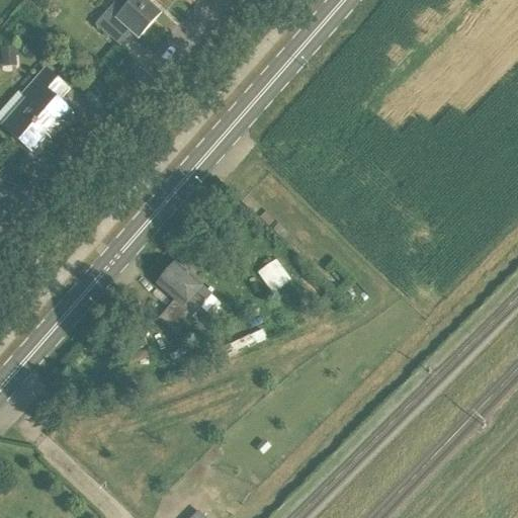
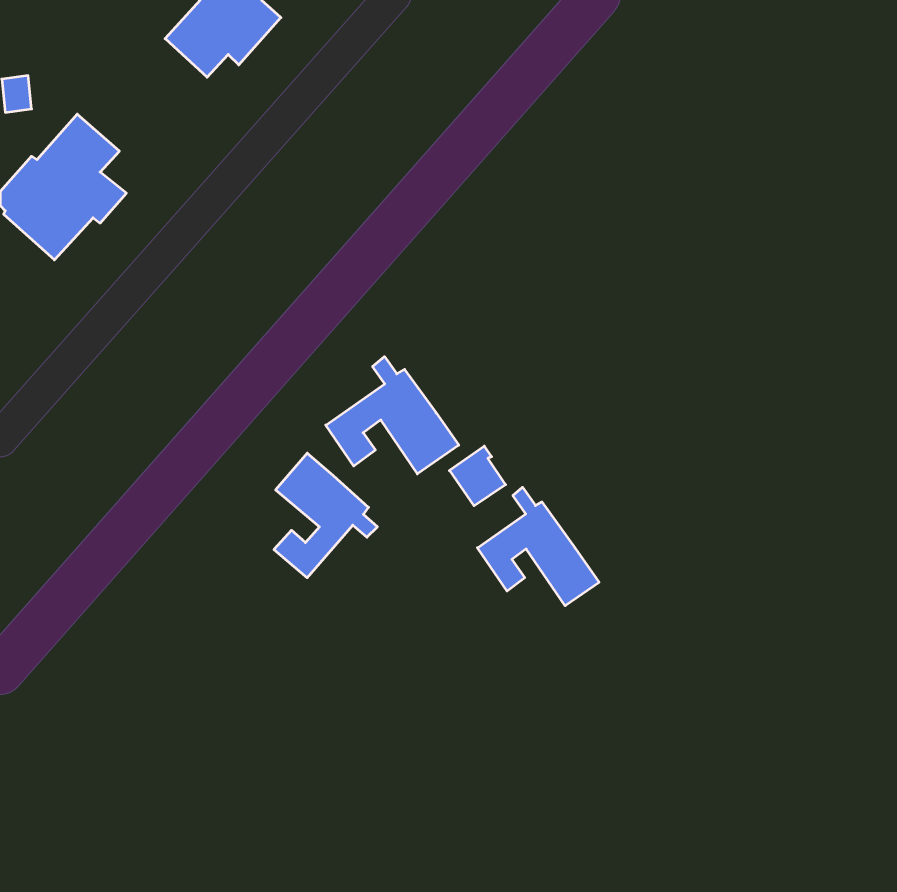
building: none -> [326,357,459,474]
building: none -> [477,487,599,606]

